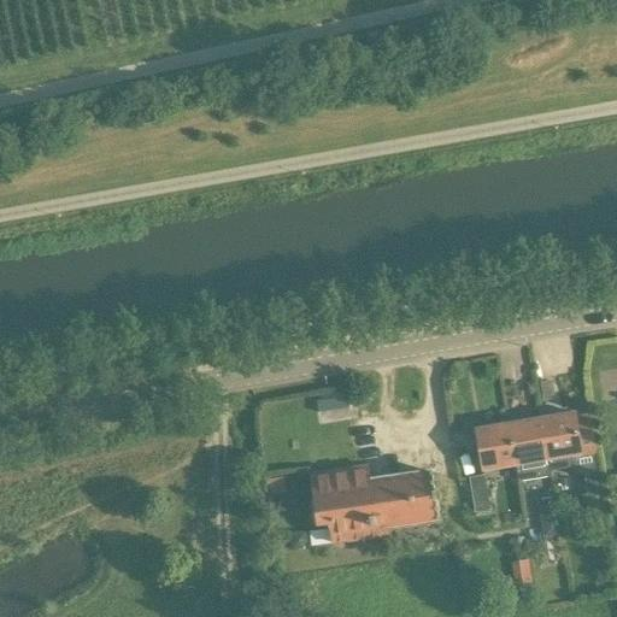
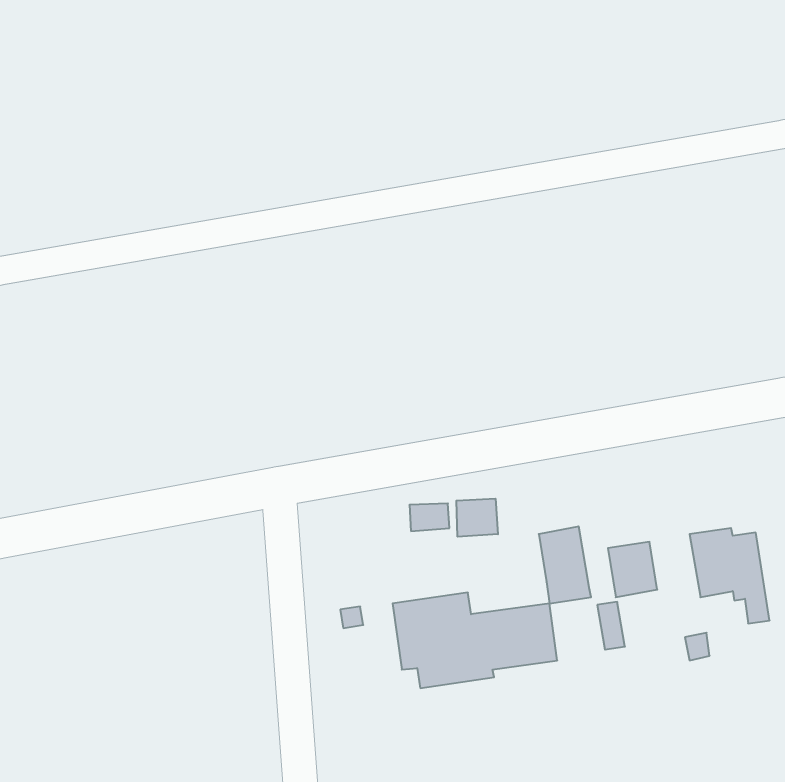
building: none -> [456,499,498,537]
building: [509,418,550,478] -> [539,526,591,603]

